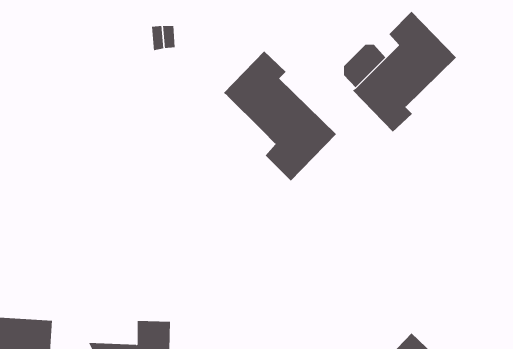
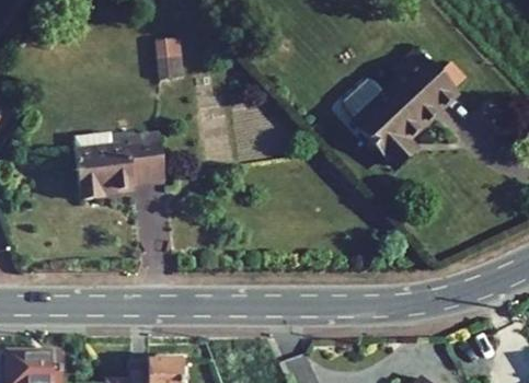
building: [223,51,337,181] -> none
building: none -> [71,139,158,206]

